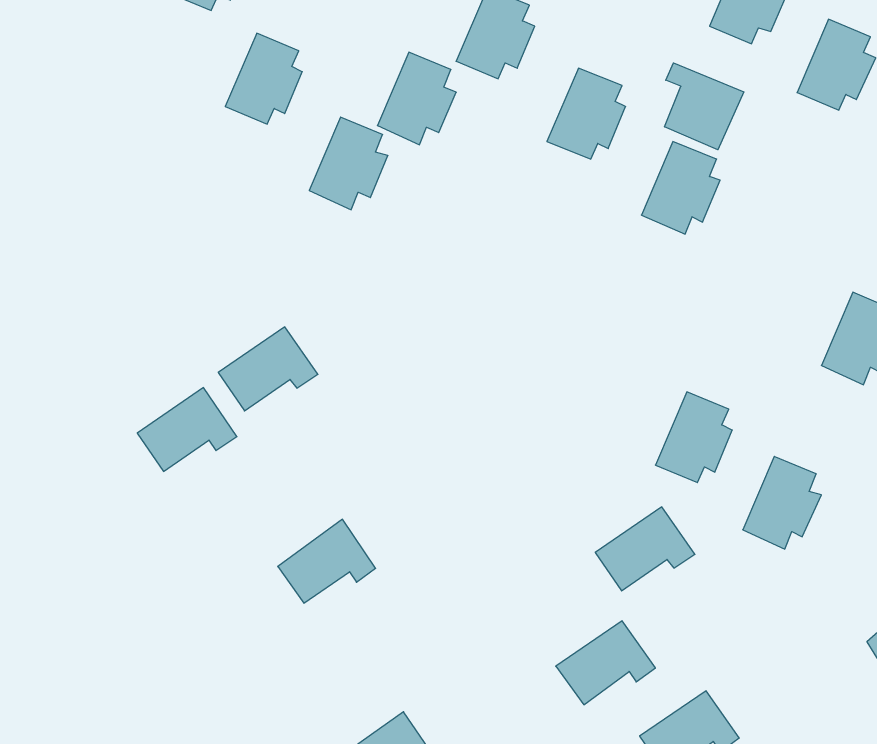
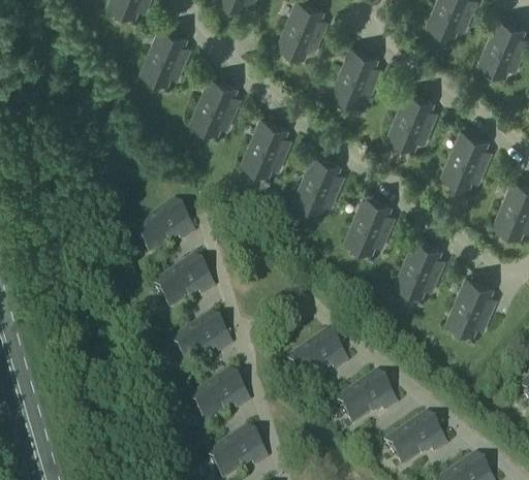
building: [377,52,456,145] -> [243,118,289,172]
building: [665,63,744,150] -> none
building: none -> [443,130,490,184]
building: none -> [295,154,342,209]
building: none -> [346,195,393,250]
building: [137,388,237,471] -> [156,257,215,307]
building: [595,507,695,591] -> [289,332,348,382]
building: none -> [191,371,250,420]

